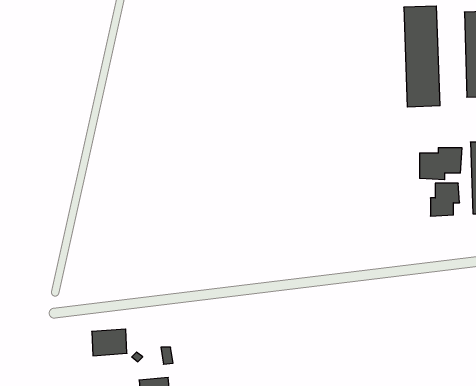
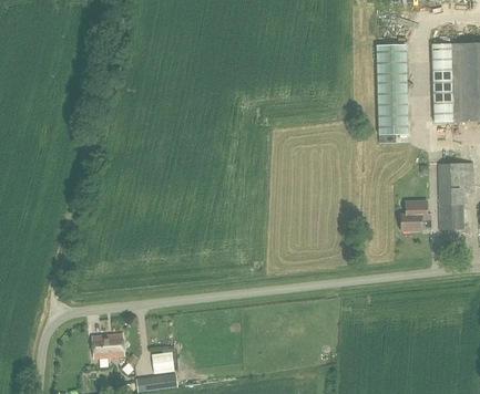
building: [420,148,462,180] -> none

